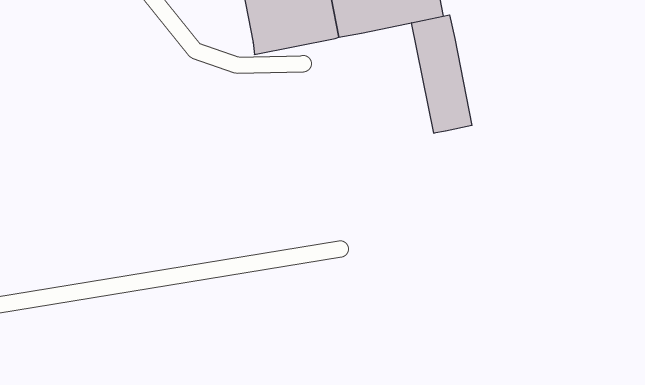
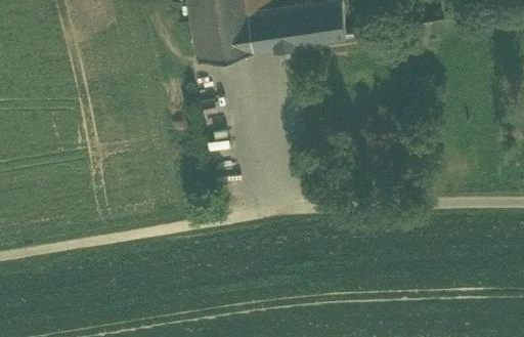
building: [412,15,472,133] -> none

